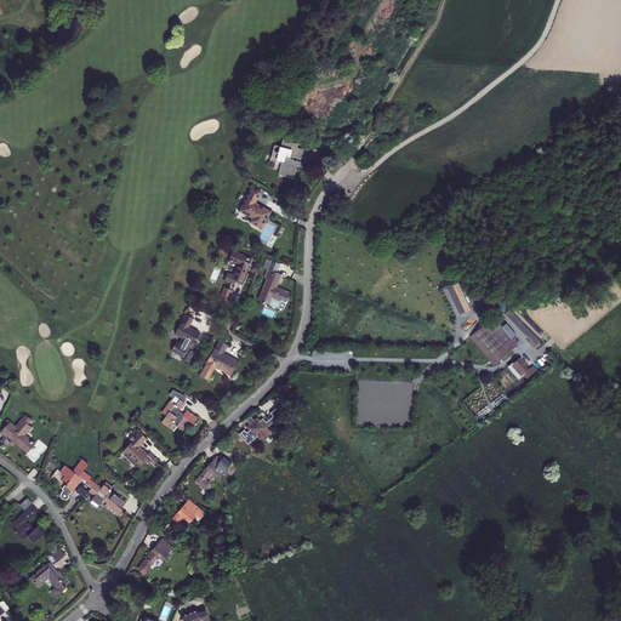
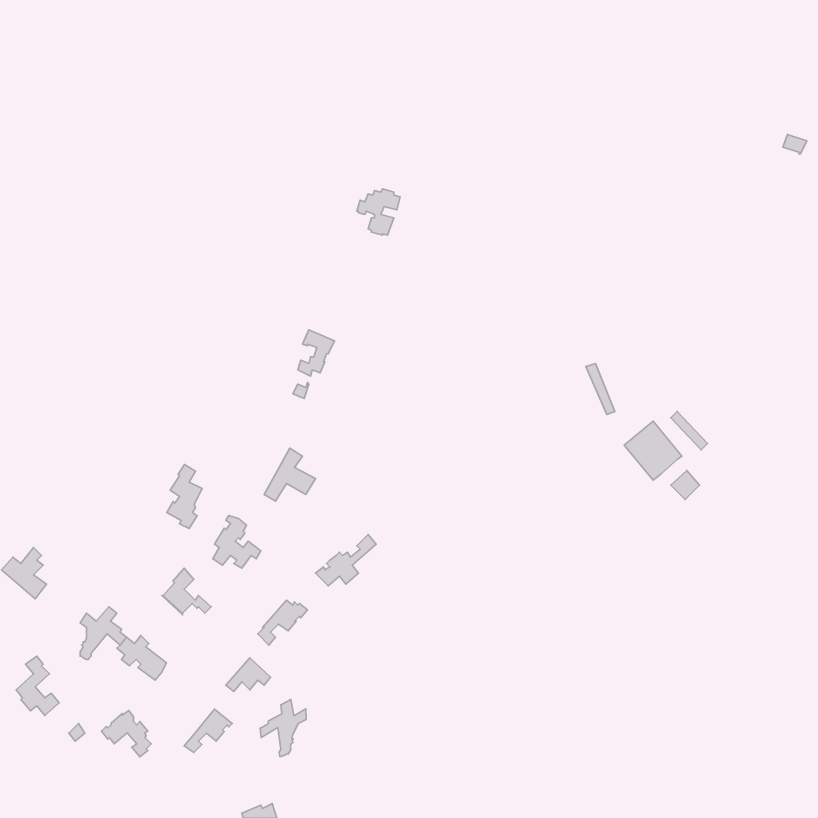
building: [239,187,272,229] -> none
building: [256,261,291,309] -> none
building: [172,314,199,363] -> [167,465,202,529]
building: none -> [260,699,306,757]
building: [29,562,67,597] -> [101,710,151,757]

